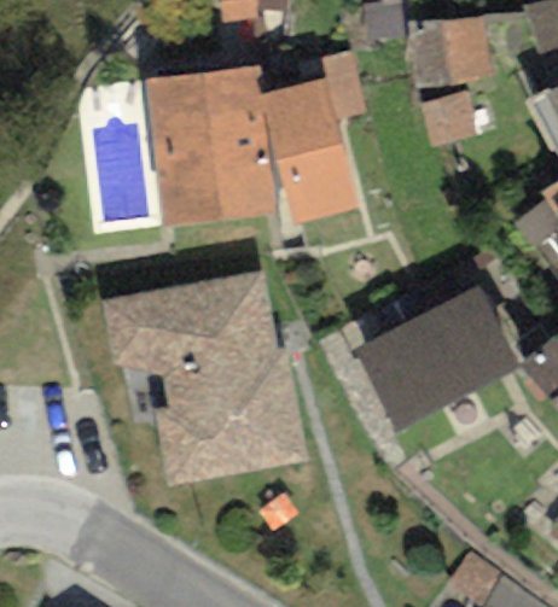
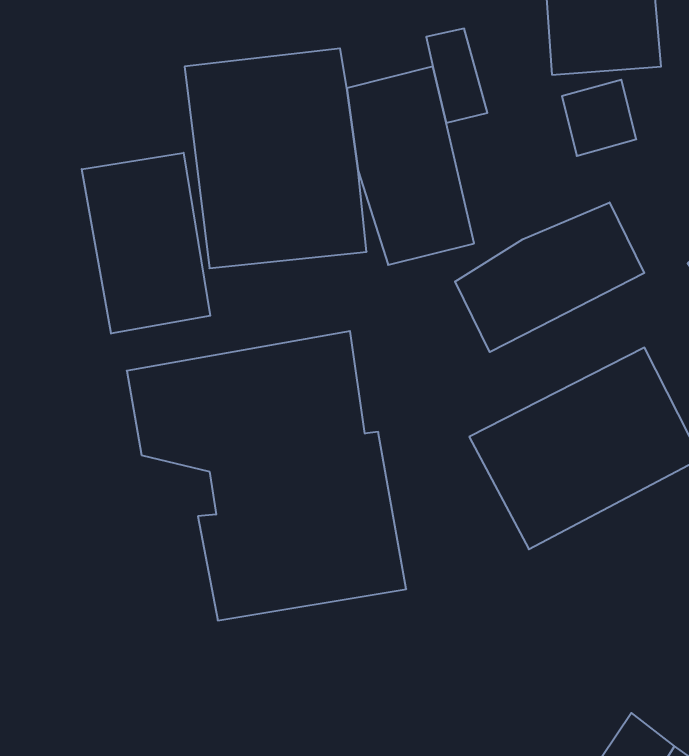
building: none -> [82,153,210,334]
building: none -> [455,202,644,352]

